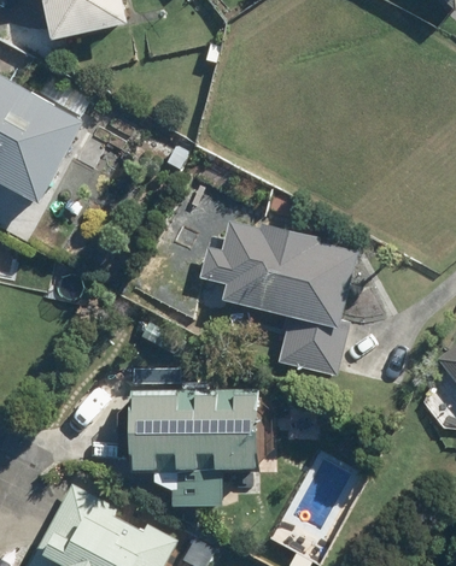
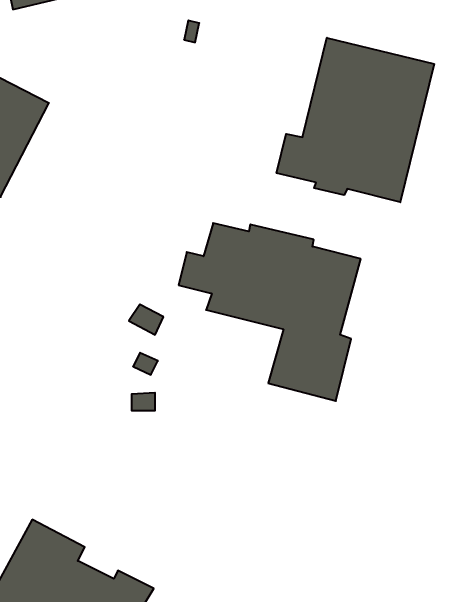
building: none -> [277,38,434,202]
building: [131,391,257,506] -> none

